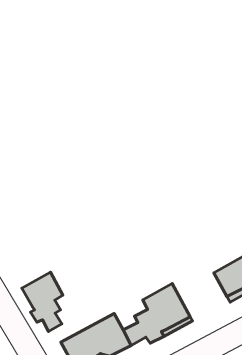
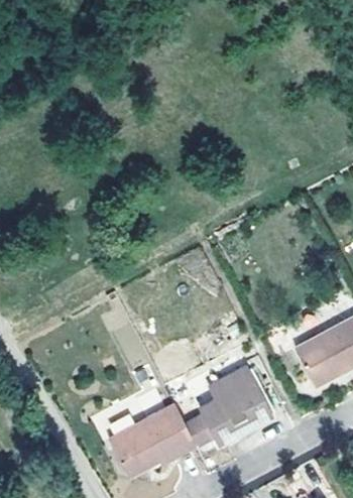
building: [22,272,63,331] -> none

